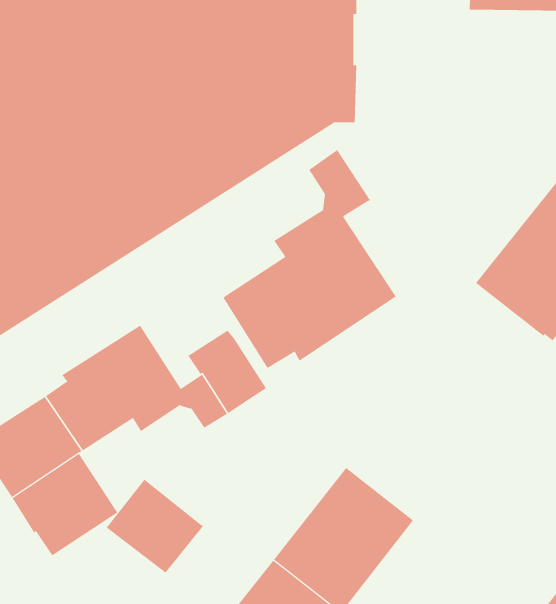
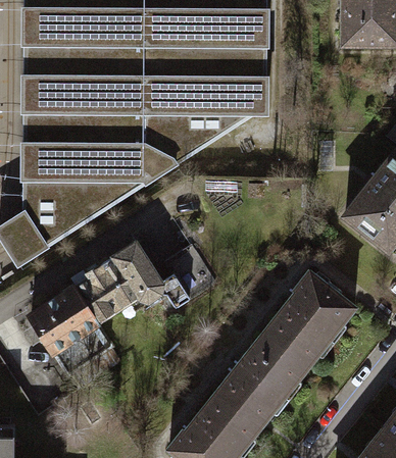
building: [222,149,396,369] -> none
building: none -> [261,271,350,366]
building: [106,479,204,573] -> none

